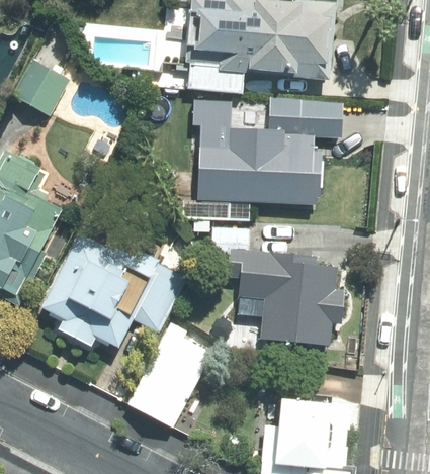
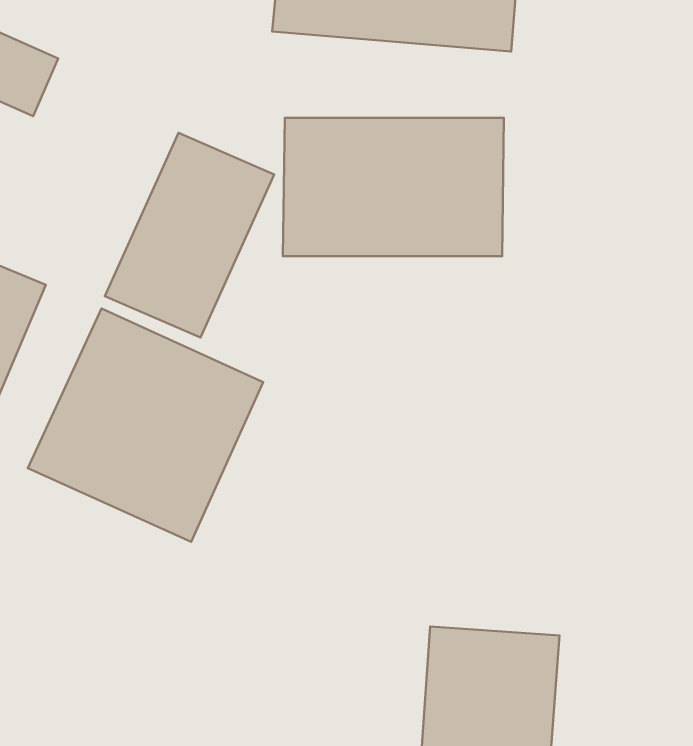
building: none -> [105,133,274,338]
building: [217,251,333,342] -> none
building: [127,331,211,428] -> none

